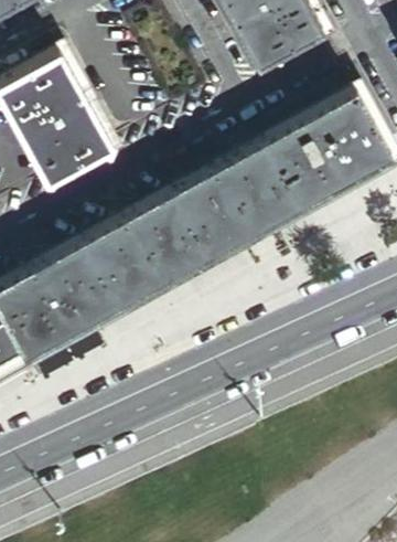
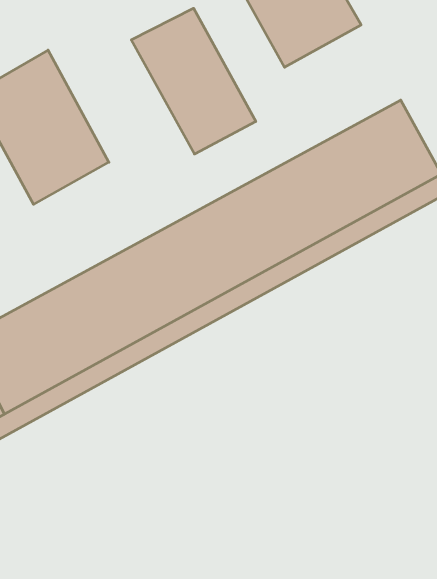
building: none -> [131,8,256,154]

